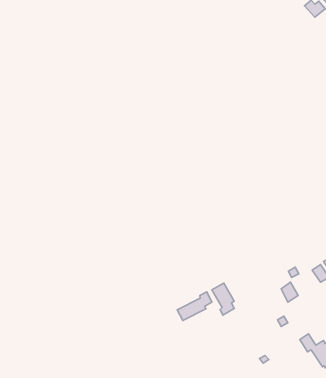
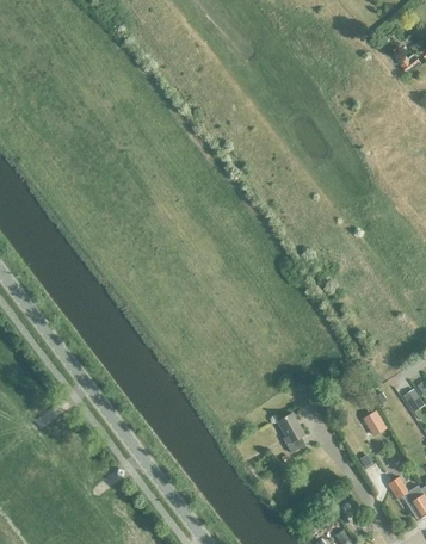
building: [177,292,212,321] -> none

